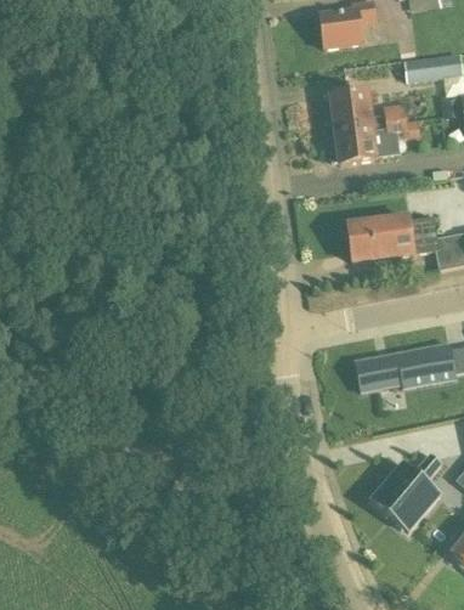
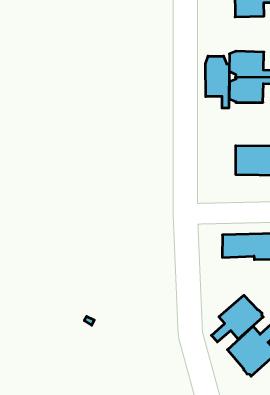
building: none -> [205,56,229,108]
building: none -> [211,295,263,342]

